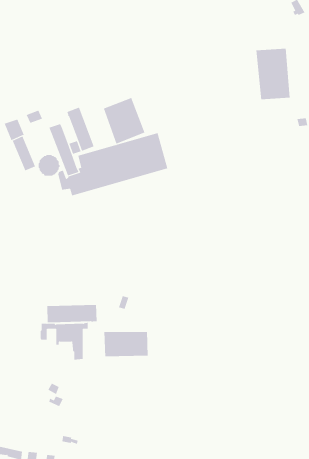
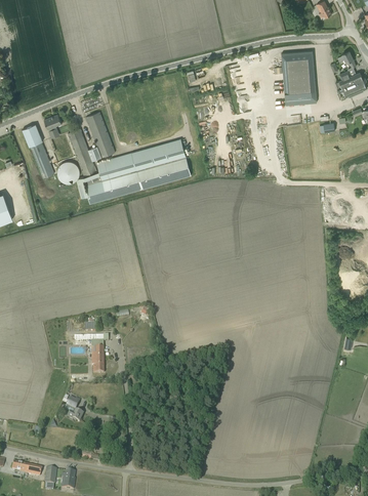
building: [103,97,145,145] -> none
building: [47,304,97,323] -> none
building: [104,331,148,357] -> none

